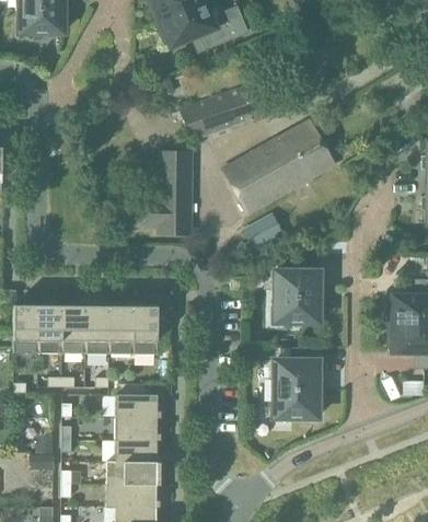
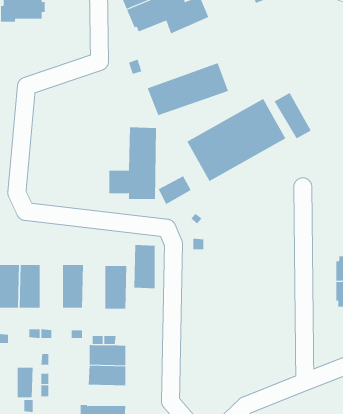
building: none -> [274,92,312,139]
building: [244,216,281,248] -> [158,175,191,205]
building: [271,270,322,324] -> none
building: [61,304,85,352] -> none
building: [108,304,132,353] -> [134,244,155,289]
building: [270,346,321,419] -> none
building: [114,438,157,461] -> none

